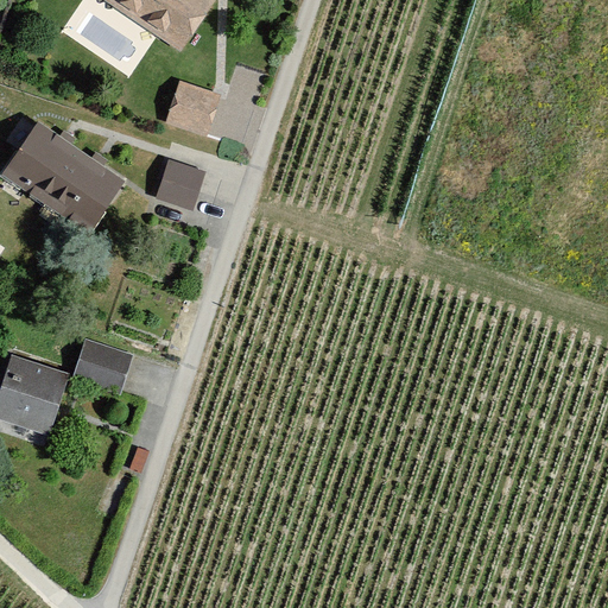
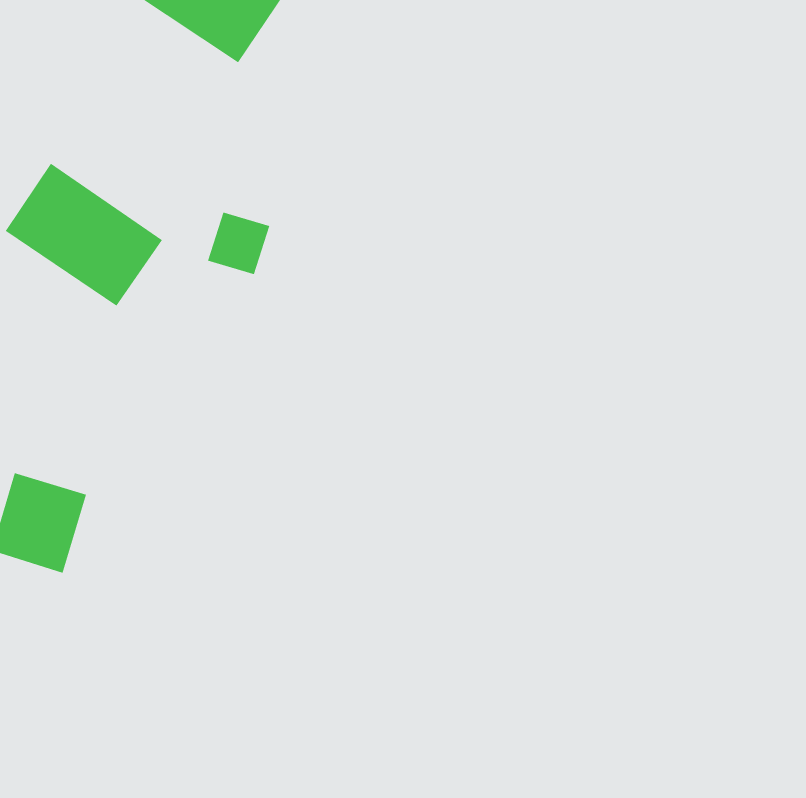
building: [167,80,217,132] -> none
building: [76,342,129,391] -> none

